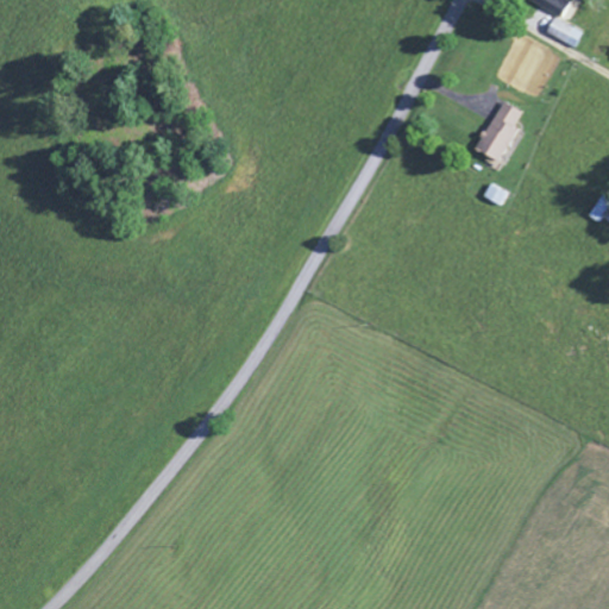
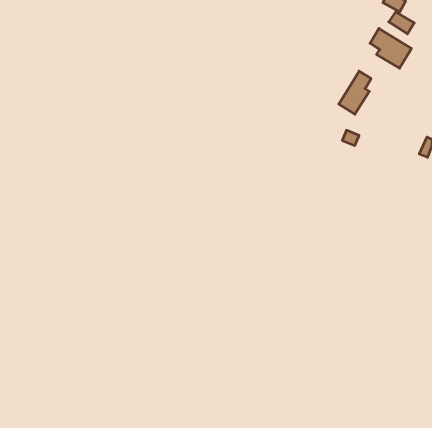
building: none -> [370,28,411,68]

